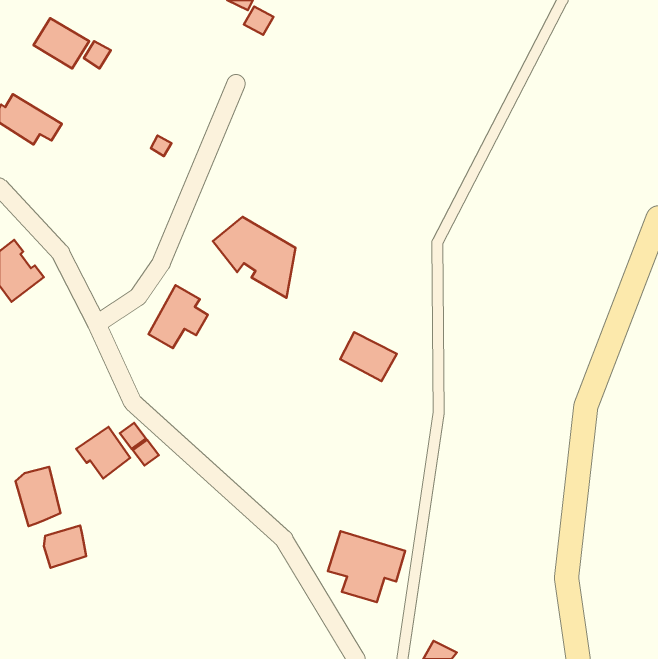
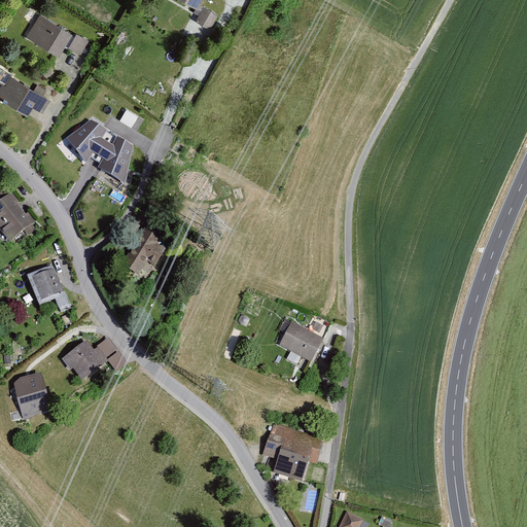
building: [213,217,295,298] -> [66,119,132,184]
building: [340,332,397,381] -> [279,322,324,361]
building: none -> [31,269,63,301]
building: [44,526,86,568] -> none

